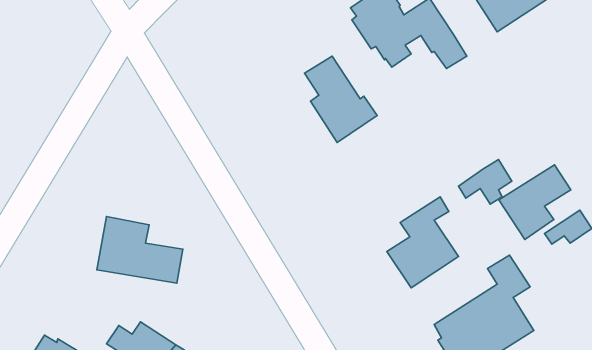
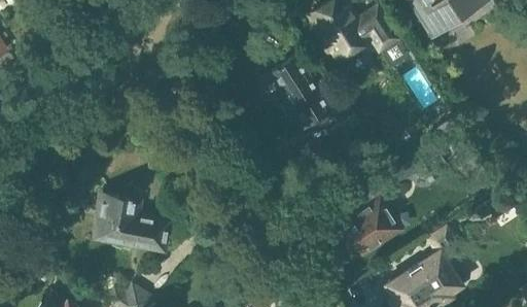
building: [499,165,571,239] -> none

